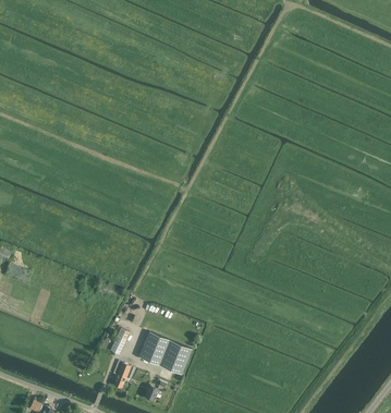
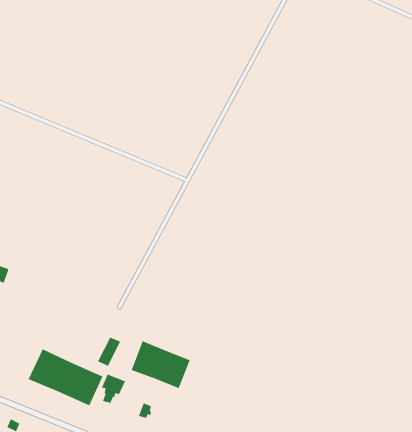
building: none -> [28,349,103,406]

